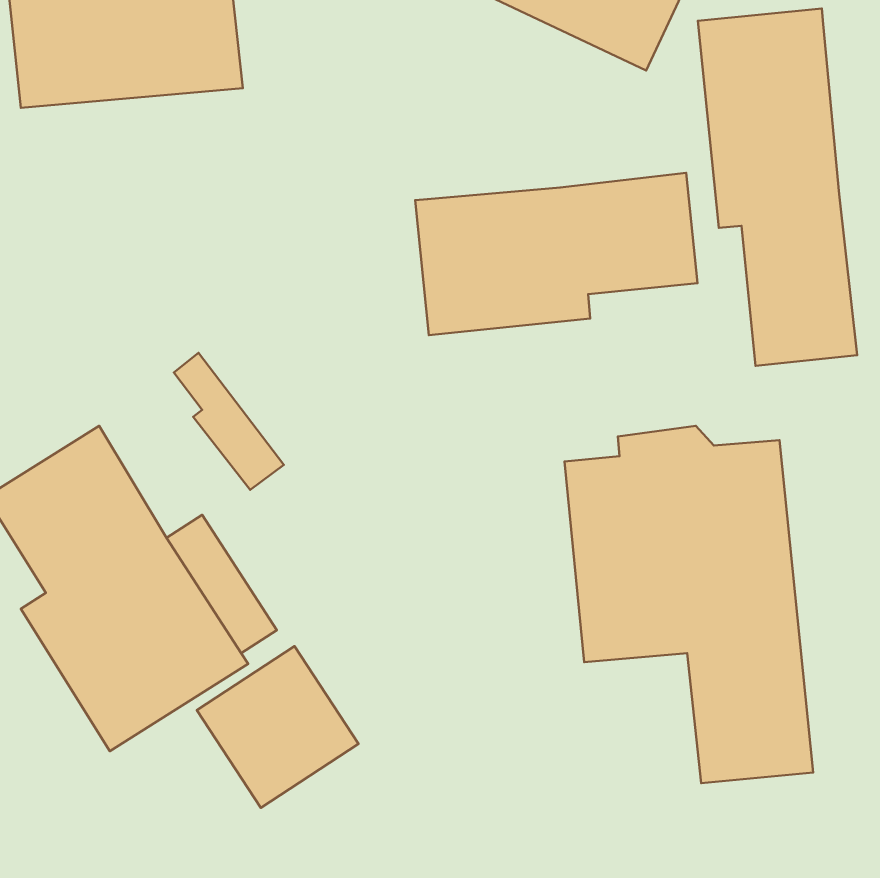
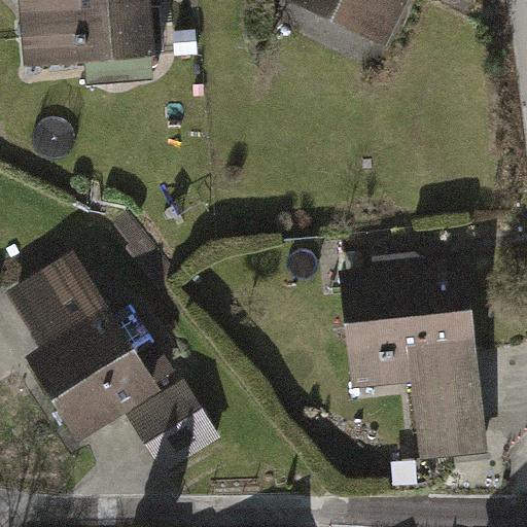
building: [698,8,857,366] -> none
building: [415,173,697,335] -> none

